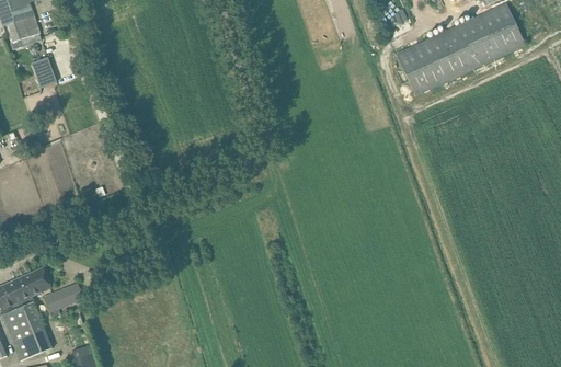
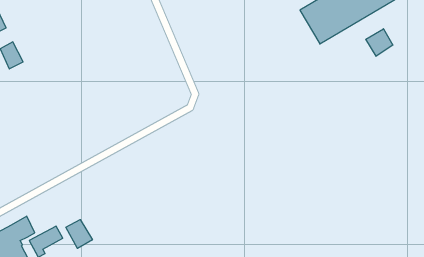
building: none -> [366,29,393,56]
building: none -> [66,220,92,248]

